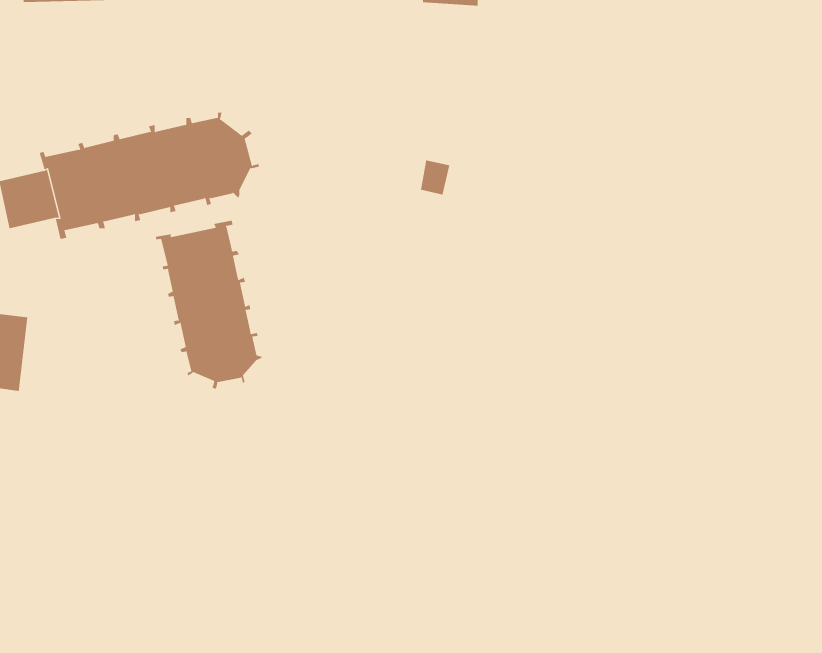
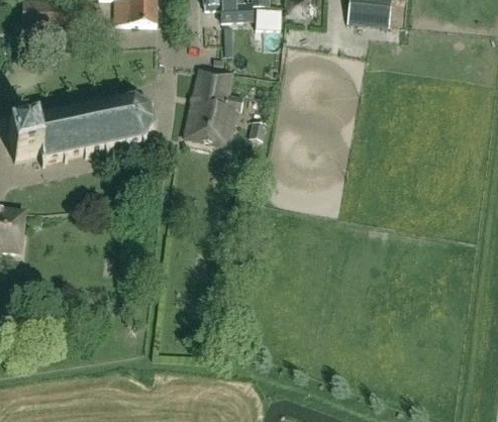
building: none -> [185,68,243,145]
building: [155,220,263,389] -> none

